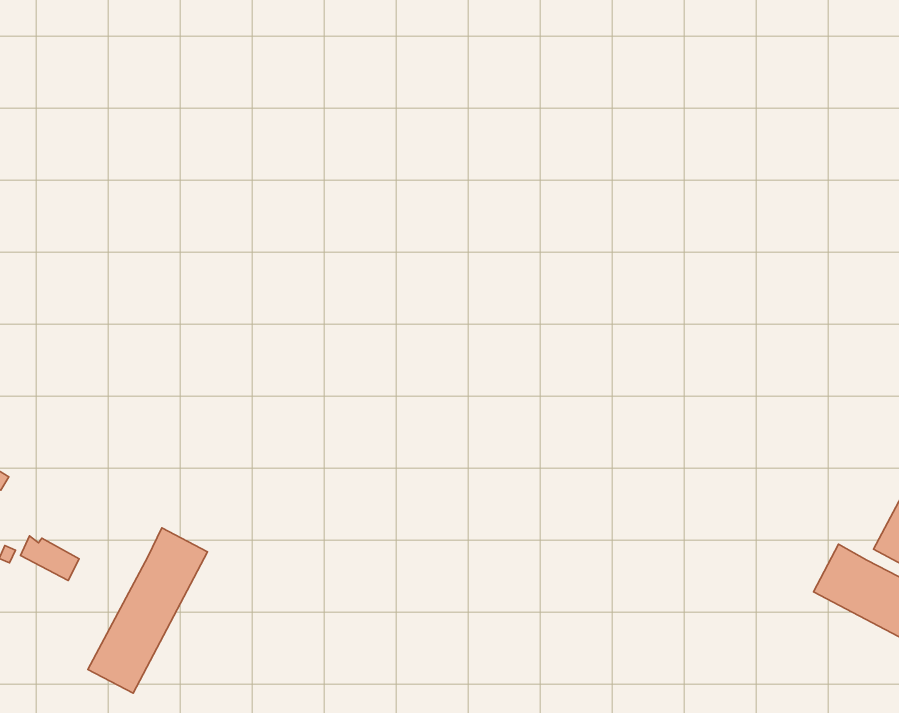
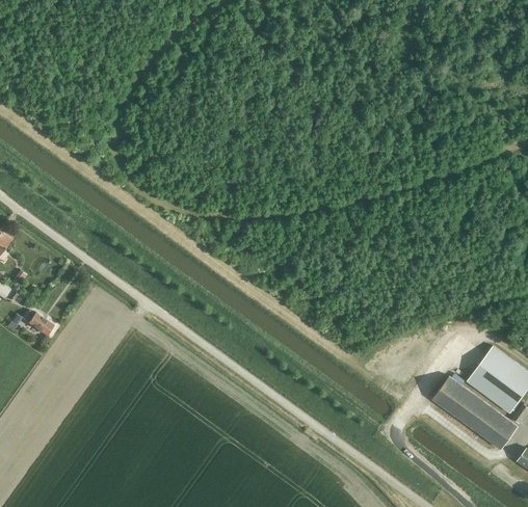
building: [88,528,207,693] -> none

